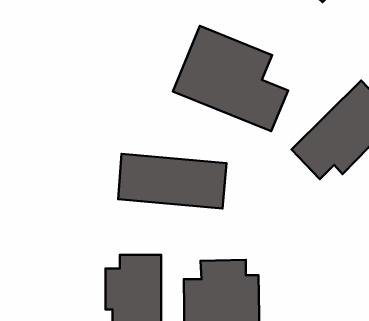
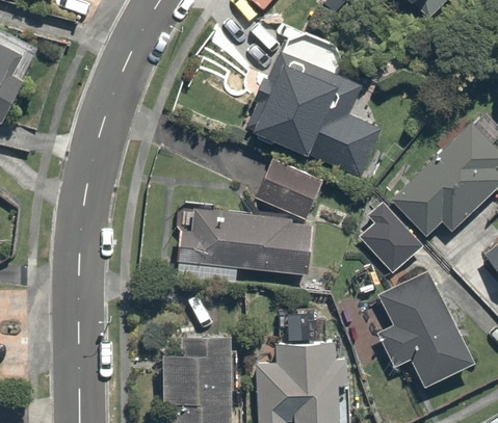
building: none -> [253,159,323,218]
building: none -> [361,201,421,272]
building: none -> [373,266,472,384]

